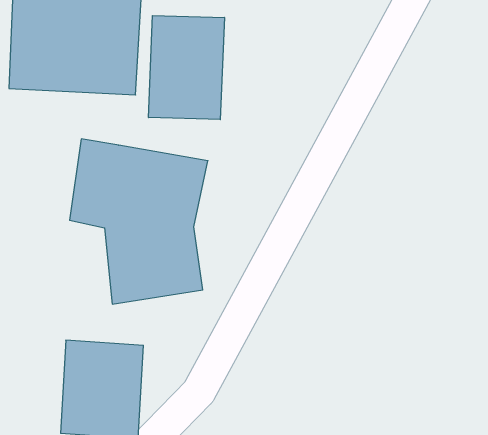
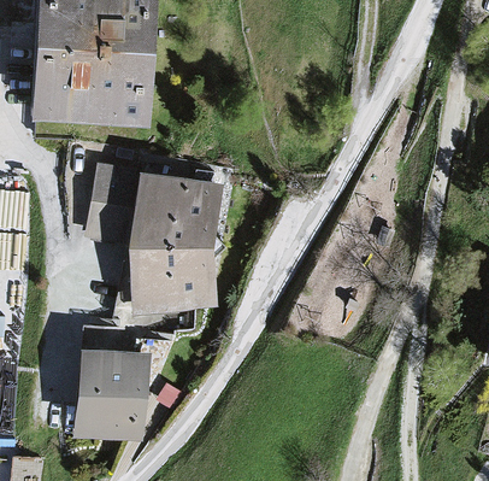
building: [149,16,224,120] -> none

